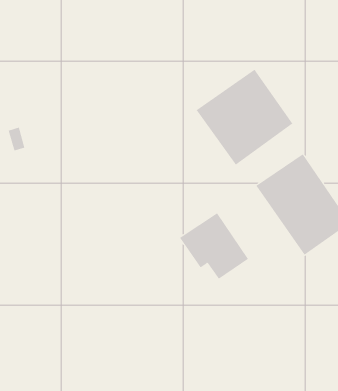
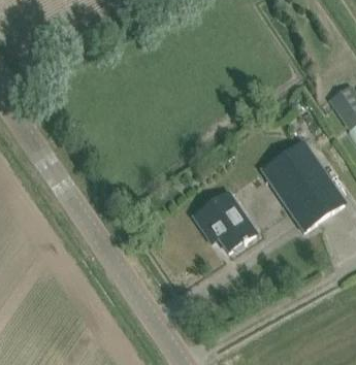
building: [196,69,293,166] -> none

